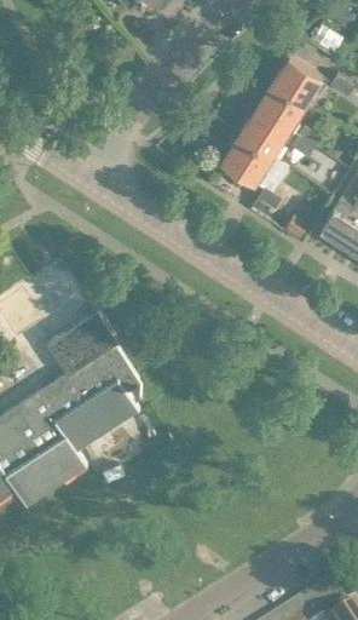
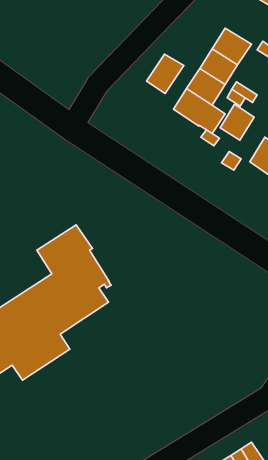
building: none -> [147,54,184,93]
building: none -> [220,104,254,140]

